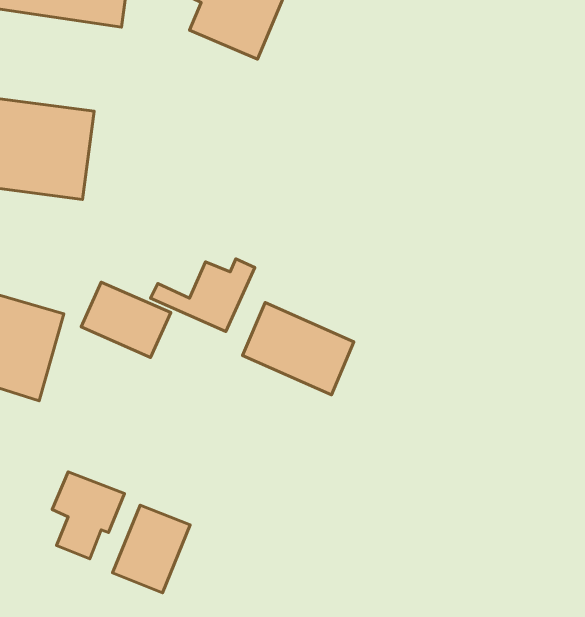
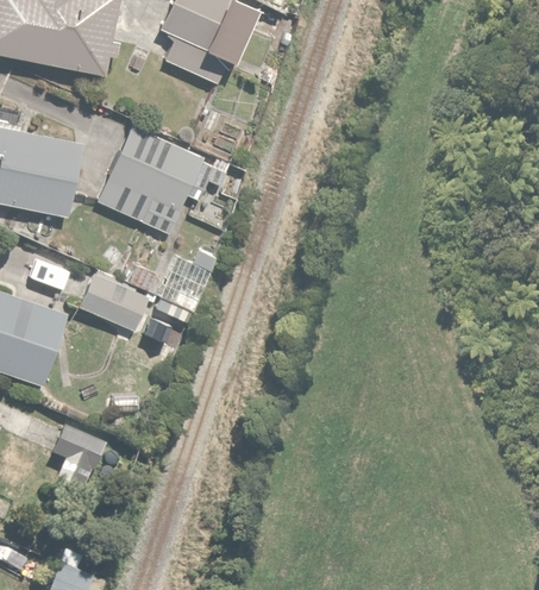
building: none -> [96,126,203,238]
building: [243,302,354,395] -> none
building: [112,505,190,593] -> none

